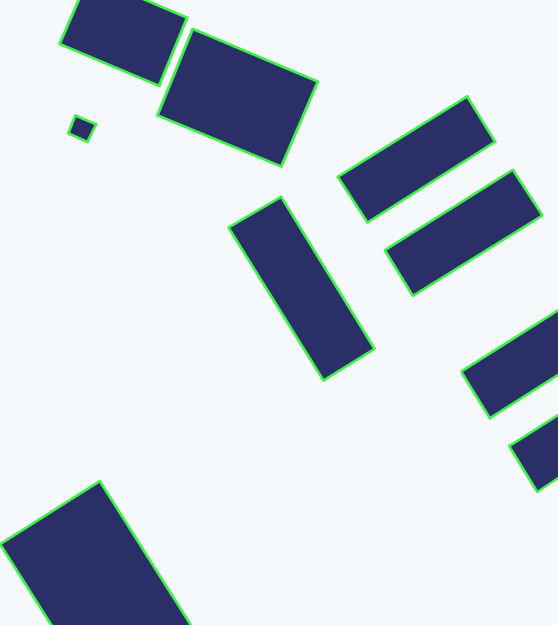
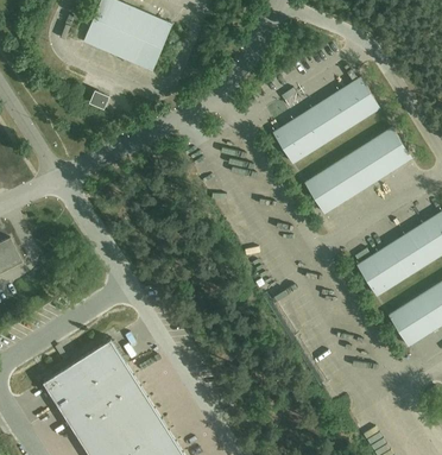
building: [158,29,318,167] -> none
building: [229,197,374,381] -> none

